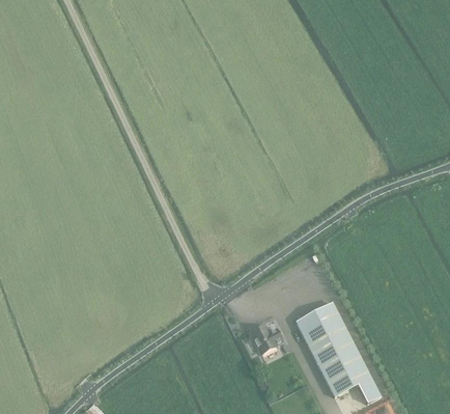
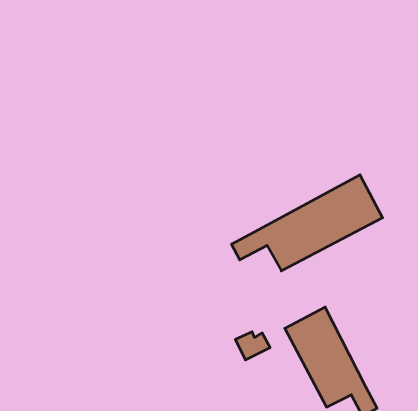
building: none -> [232,175,383,271]

